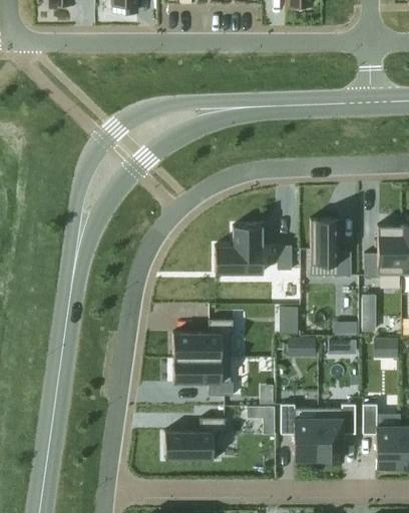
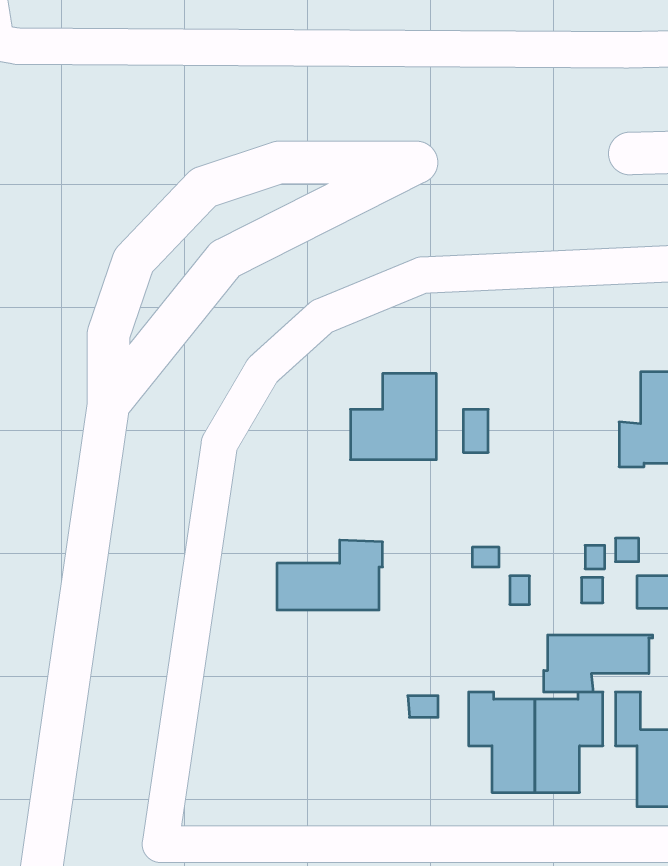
building: [312,219,352,277] -> none
building: [174,359,235,396] -> none
building: none -> [544,635,653,692]
building: [165,419,226,460] -> none

